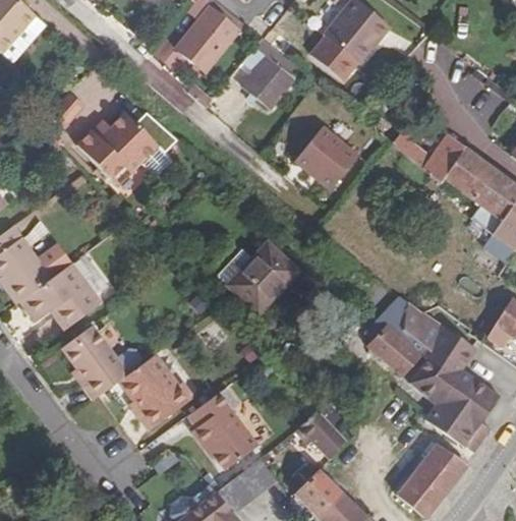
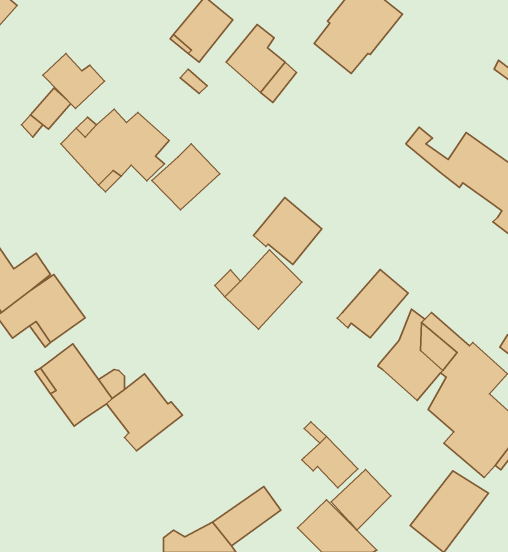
building: none -> [43,54,105,108]
building: [297,129,359,190] -> [254,197,322,264]
building: none -> [152,144,220,210]
building: none -> [337,270,408,338]
building: [187,389,256,470] -> none
building: none -> [331,470,391,530]

